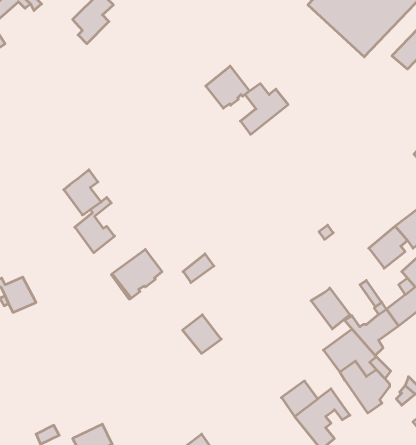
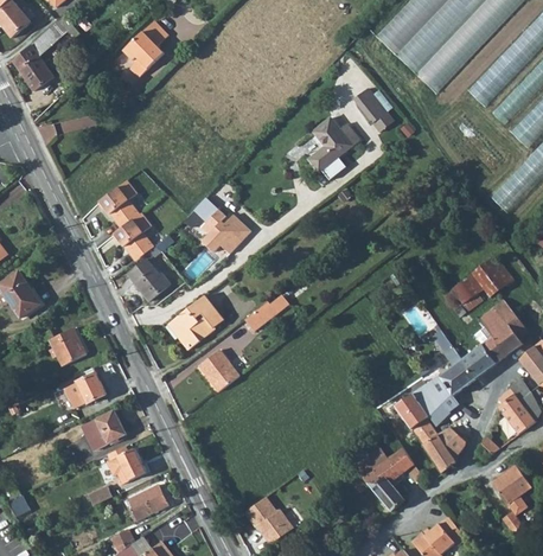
building: none -> [352,90,385,126]
building: [206,66,249,108] -> none
building: none -> [102,179,142,229]
building: none -> [192,198,250,255]
building: [311,288,350,329] -> none
building: [183,315,221,353] -> [199,351,241,392]
building: none -> [68,373,106,403]
building: none -> [82,410,126,449]
building: none -> [108,446,146,484]

